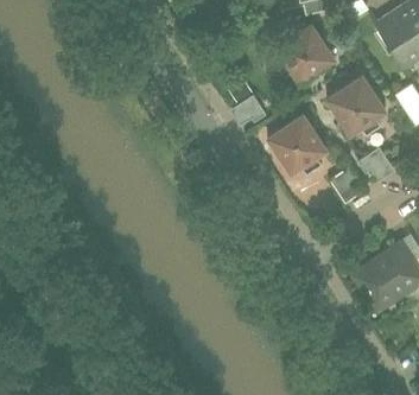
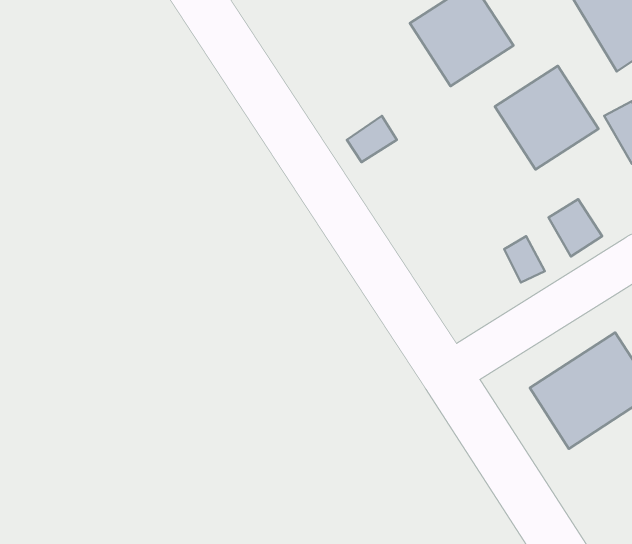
building: [265,109,334,178] -> none

